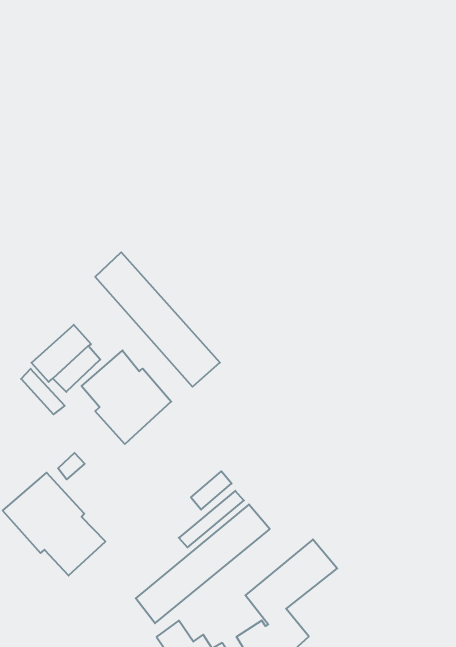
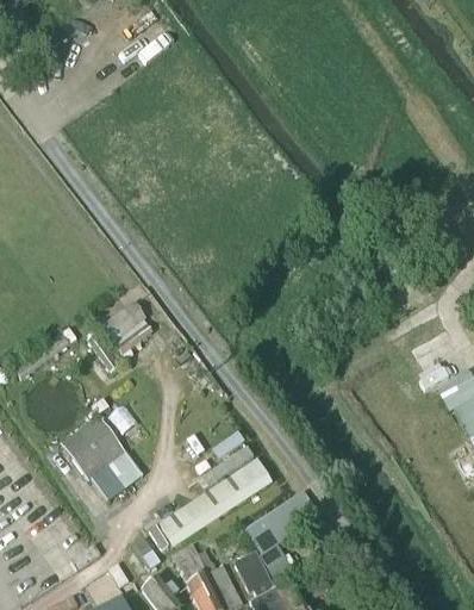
building: [95,252,220,387] -> none
building: [82,350,171,444] -> none

